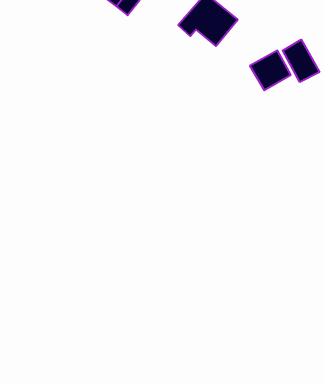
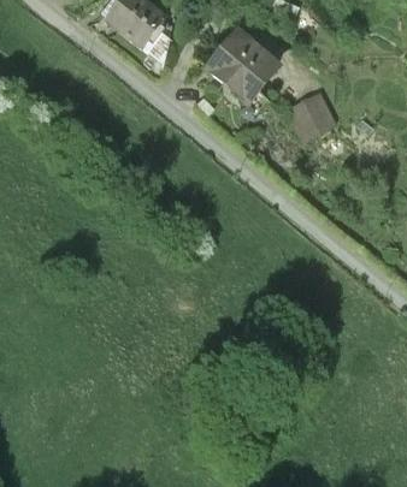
building: [283,40,319,82] -> none

